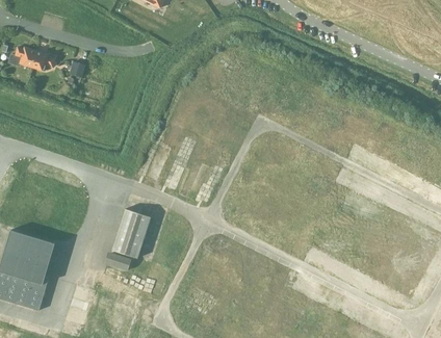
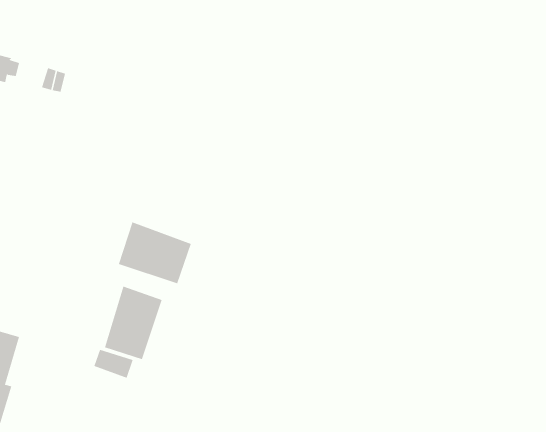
building: none -> [118,222,192,284]

